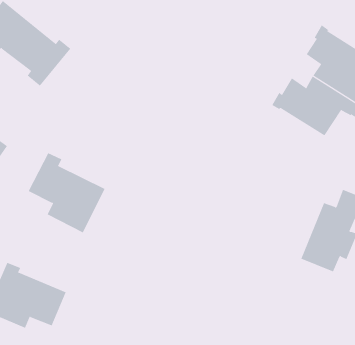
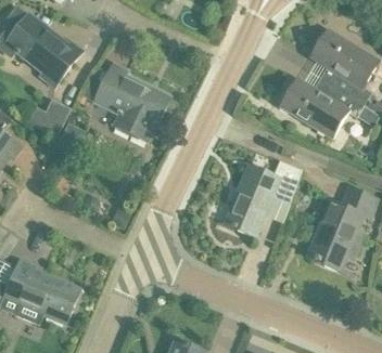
building: none -> [27,99,71,138]
building: [28,153,105,233] -> [93,63,169,142]
building: none -> [226,160,304,235]

